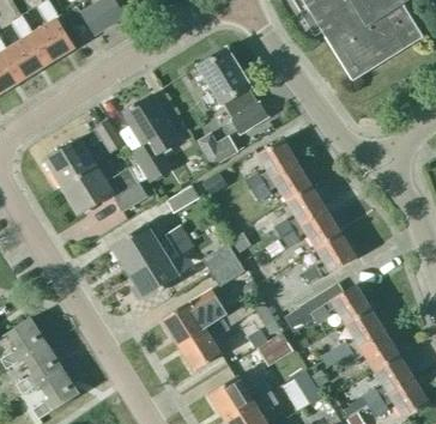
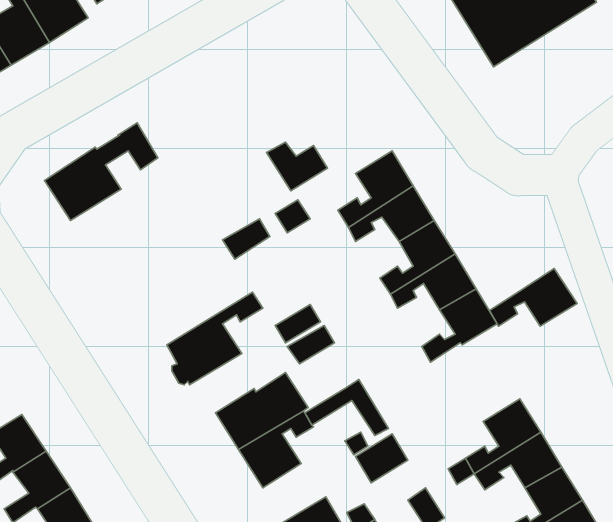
building: [198,48,266,132] -> none
building: [123,93,180,180] -> none
building: [62,164,147,212] -> none
building: [111,223,187,271] -> none
building: [310,284,370,323] -> [490,269,577,326]

